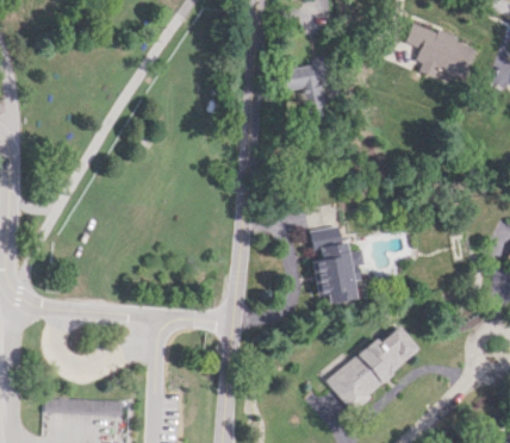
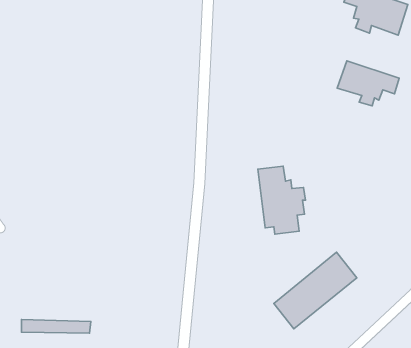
building: [284,57,329,124] -> none
building: none -> [337,61,399,106]

